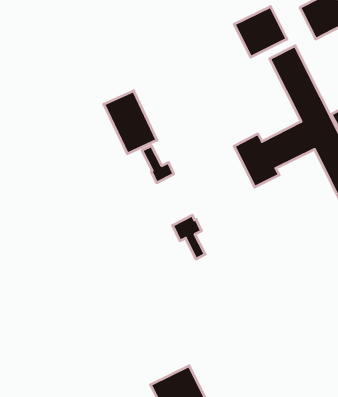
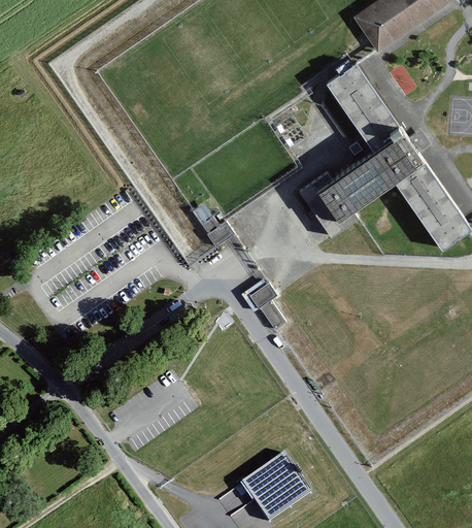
building: [234,6,287,57] -> none
building: [104,91,157,154] -> none

